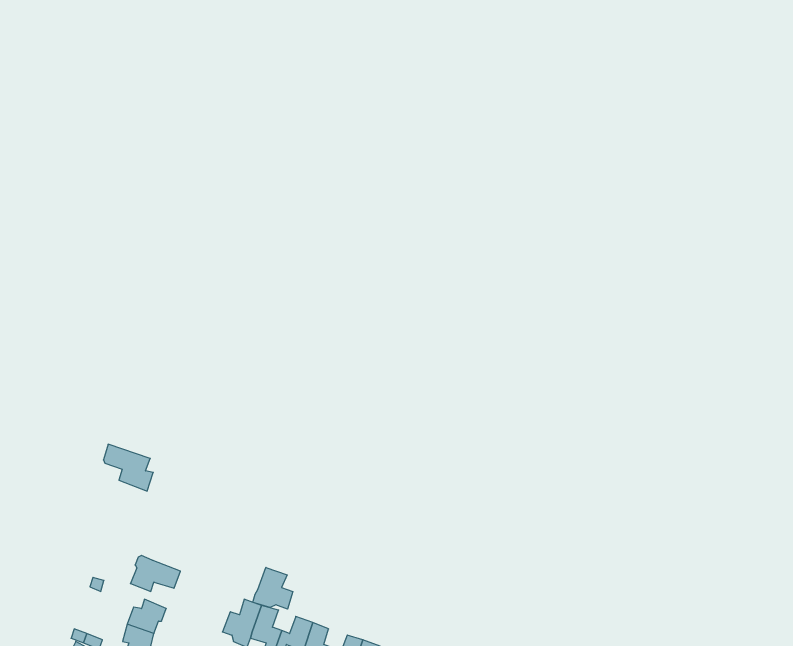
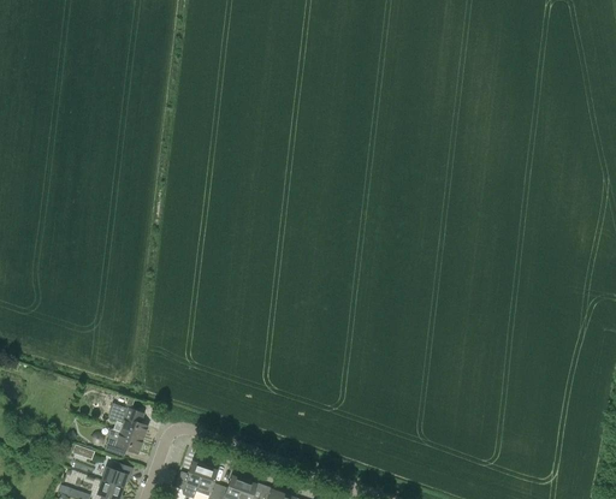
building: [103,444,153,491] -> [108,404,147,440]
building: [252,567,293,609] -> none

